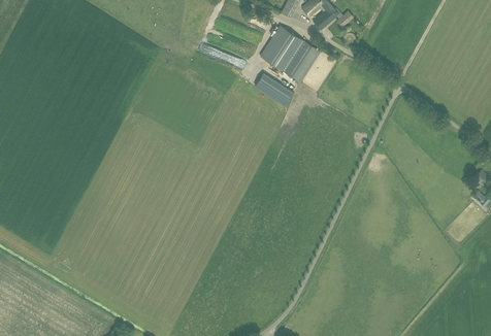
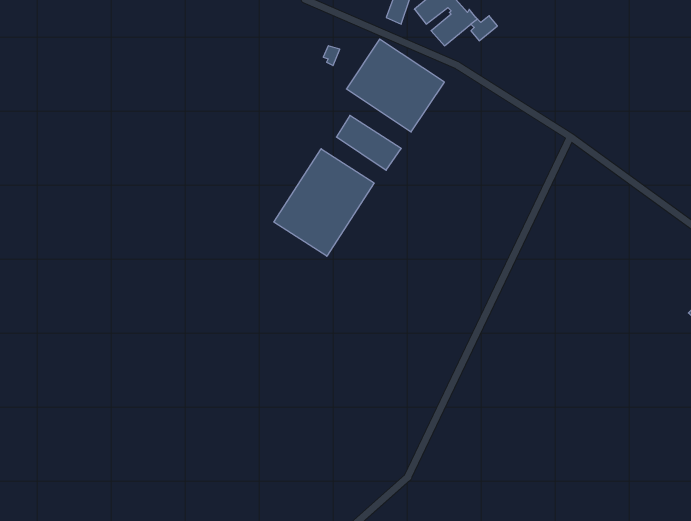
building: none -> [274,149,374,256]

